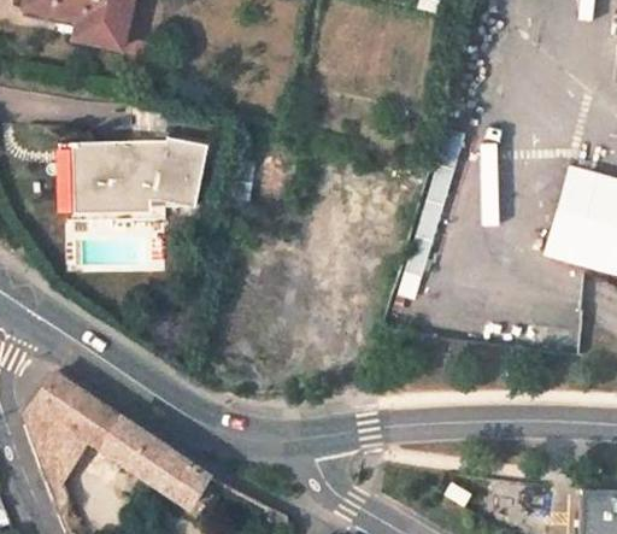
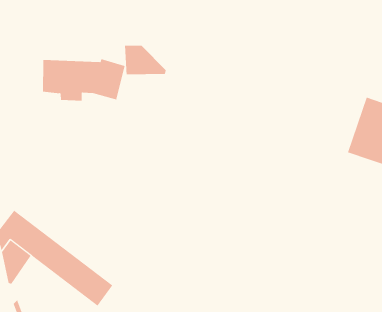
building: none -> [124,45,167,75]
building: [74,149,146,211] -> none

